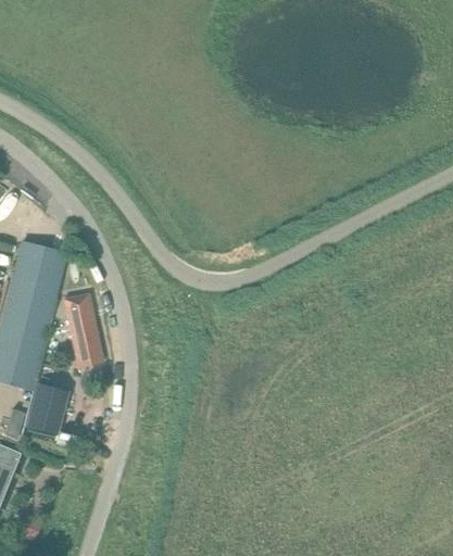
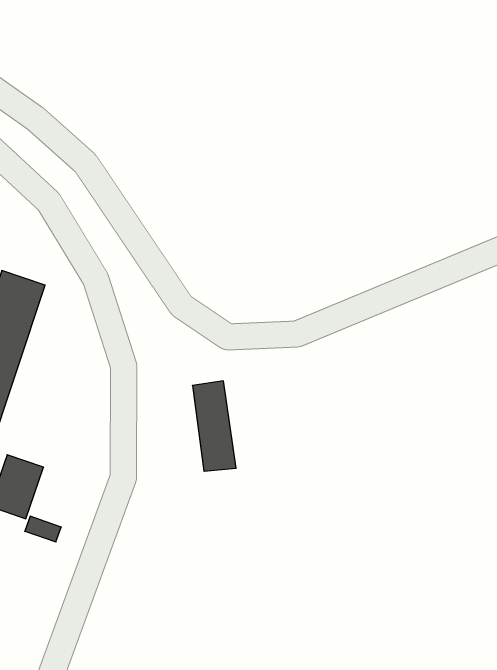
building: [64,294,103,366] -> [192,381,236,471]

